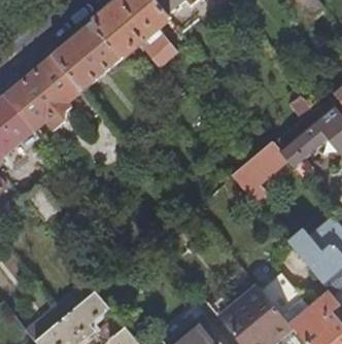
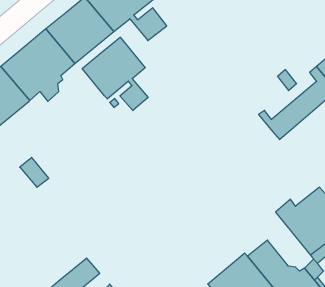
building: none -> [82,37,148,111]
building: [234,142,286,192] -> none

